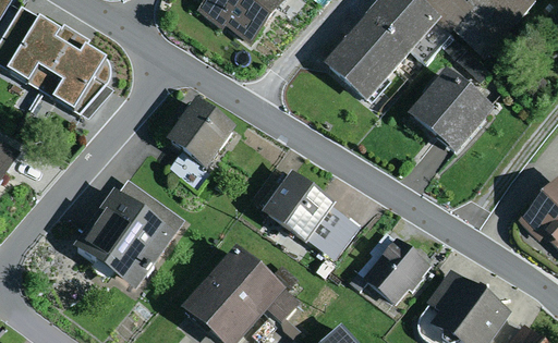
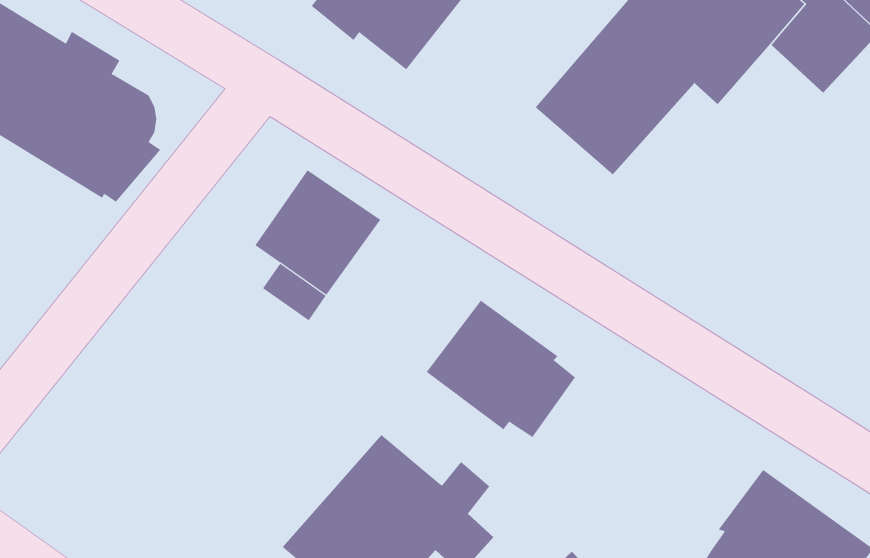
building: [405,69,495,157] -> none
building: [72,177,184,293] -> none
building: [349,228,430,305] -> none

